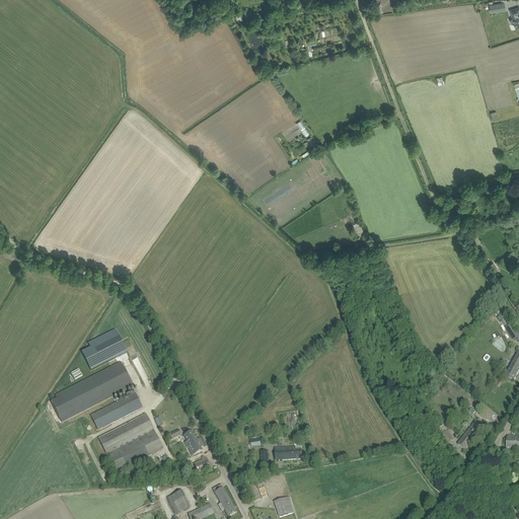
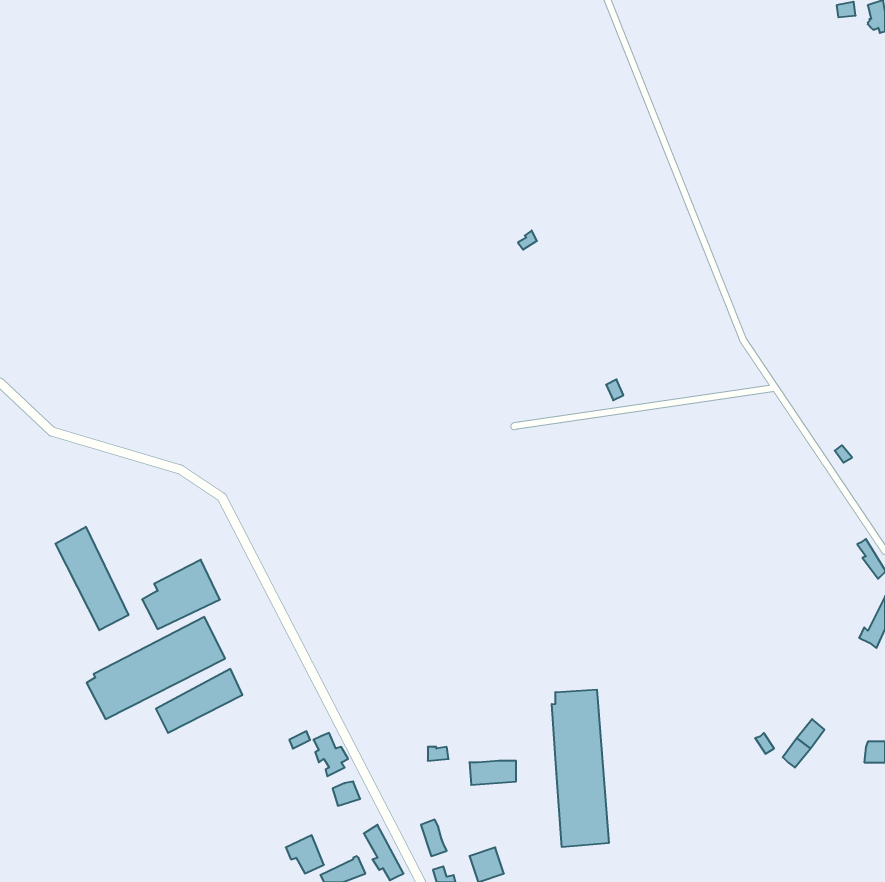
building: none -> [55,527,128,630]
building: none -> [552,690,609,847]
building: [97,413,163,469] -> none

